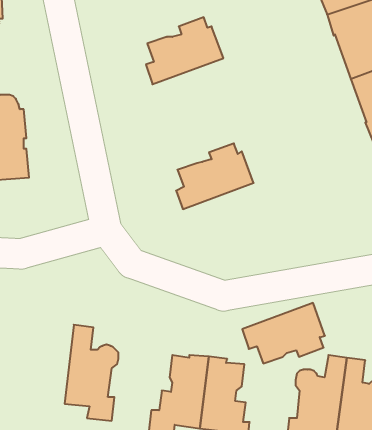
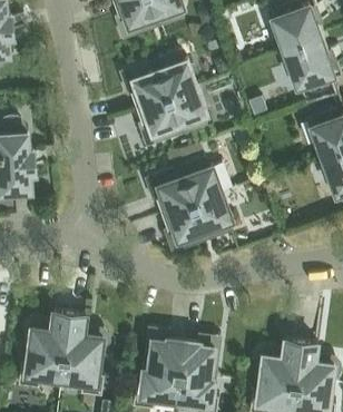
building: none -> [135,88,205,139]
building: [242,303,325,363] -> [160,194,231,245]
building: none -> [17,312,68,388]

